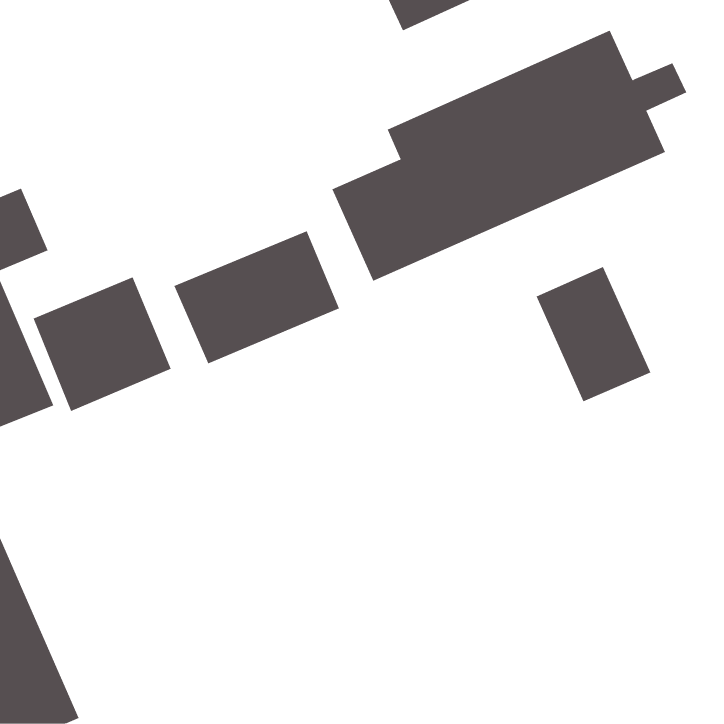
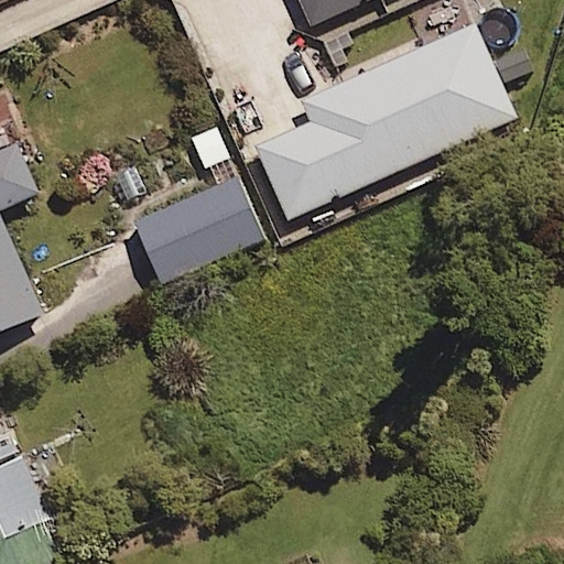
building: [536,266,651,402] -> none
building: [33,276,172,412] -> none

